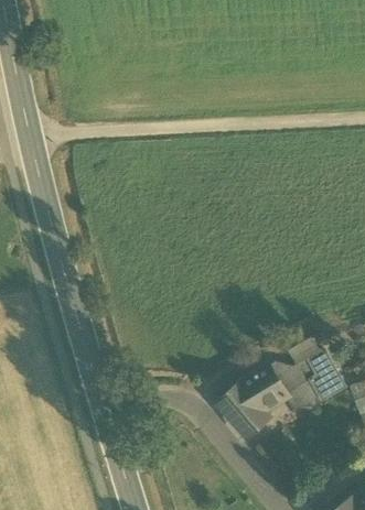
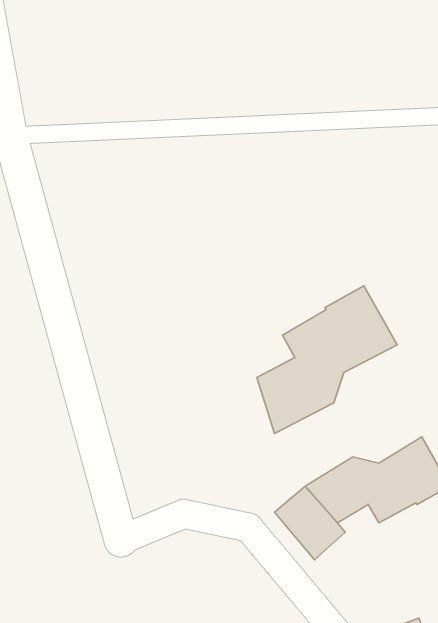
building: none -> [257,286,397,433]

